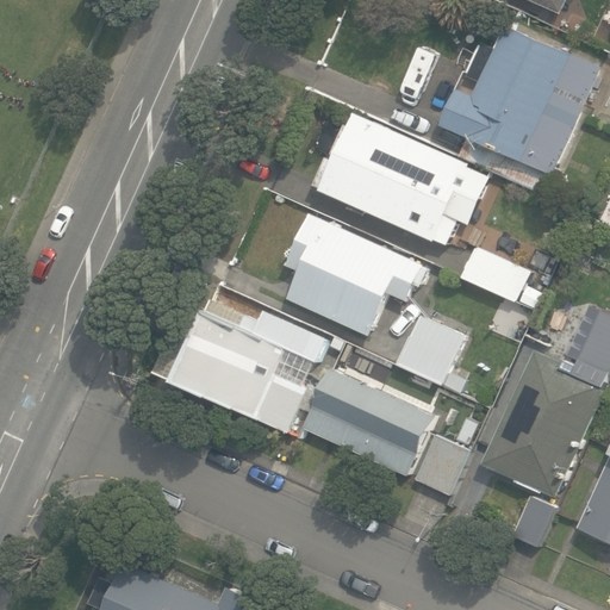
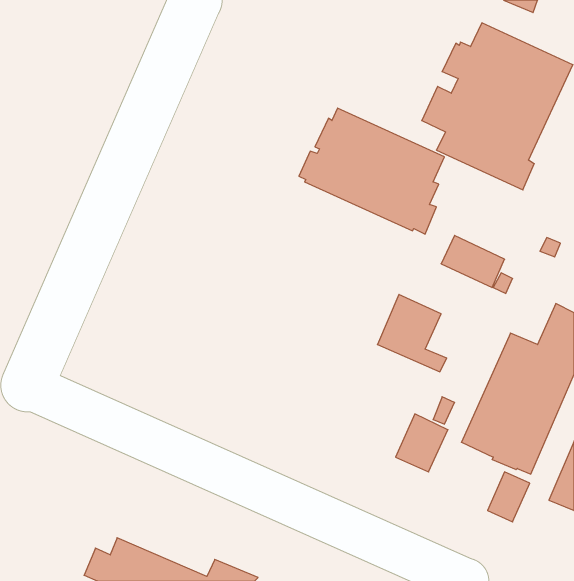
building: [285,214,427,336] -> none
building: [151,298,326,430] -> none
building: [304,368,435,475] -> none

